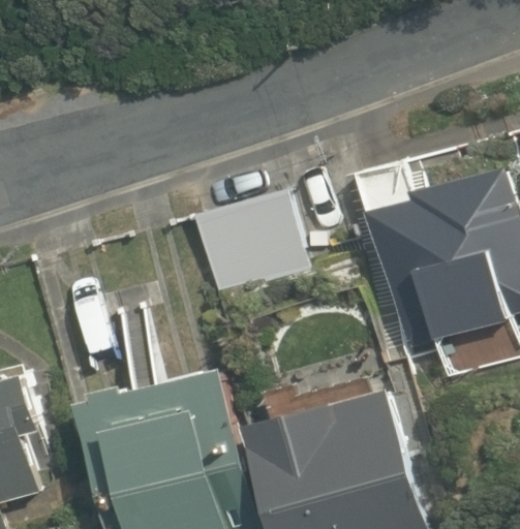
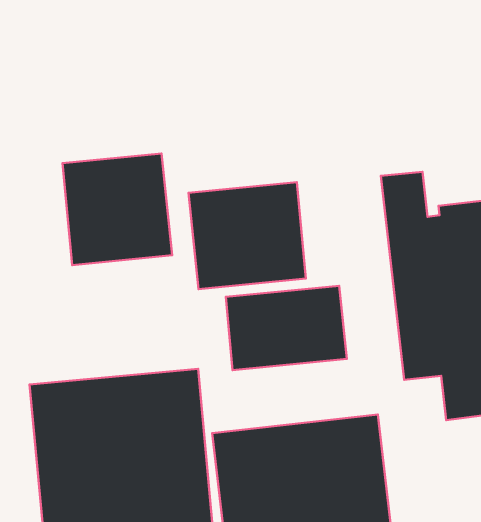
building: none -> [63,154,172,265]
building: none -> [226,286,347,370]

